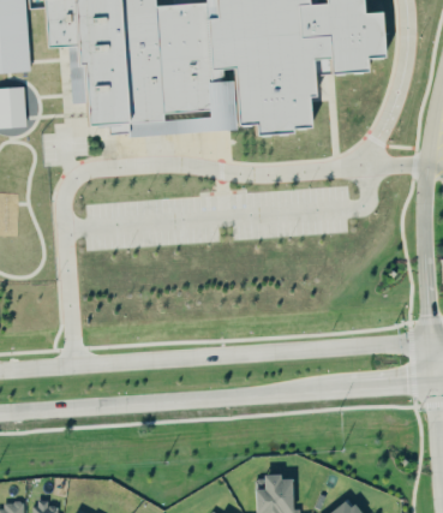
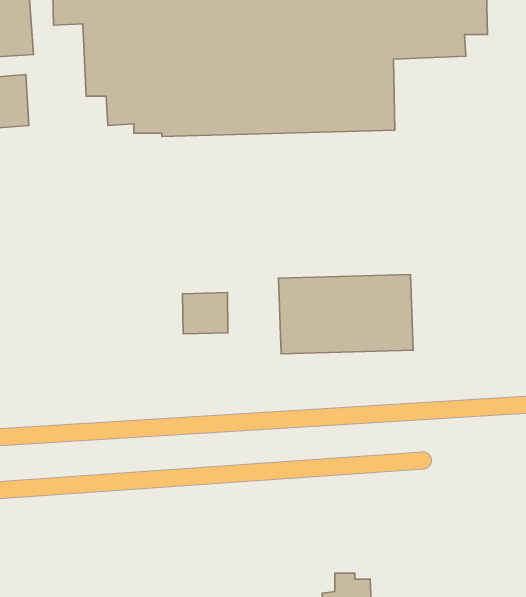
building: none -> [278,274,413,354]
building: none -> [183,293,228,334]

